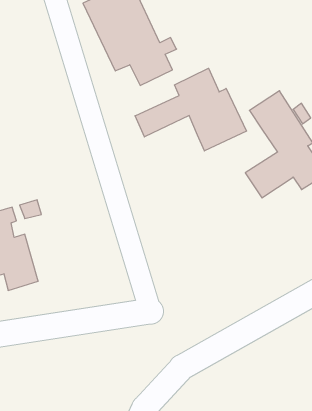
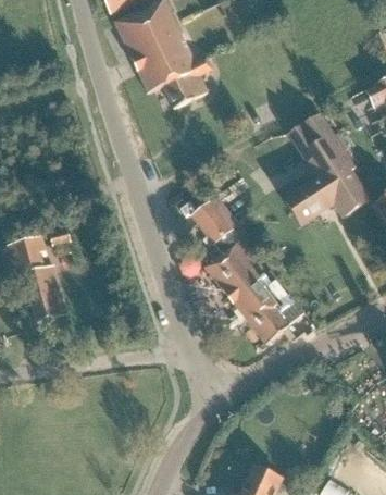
building: [135,68,246,151] -> none
building: none -> [191,201,303,344]

